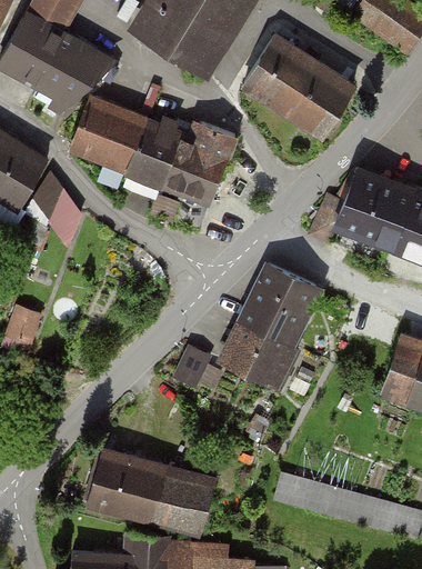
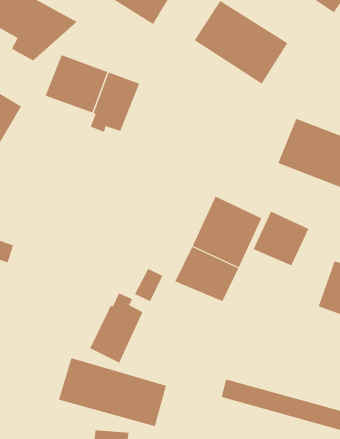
building: [163,122,234,228] -> none
building: [36,174,80,243] -> none
building: none -> [253,211,309,266]
building: none -> [89,292,143,363]

